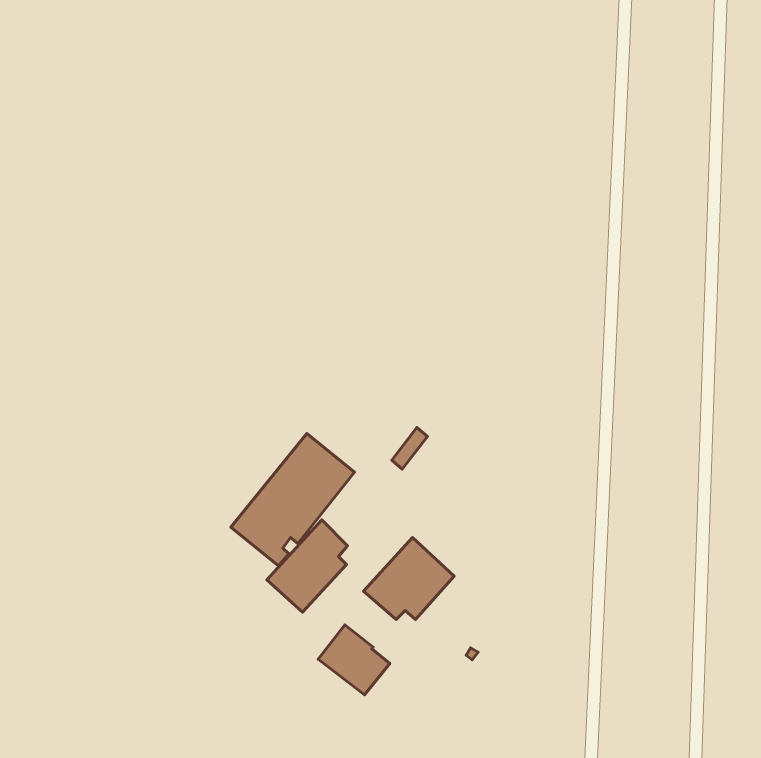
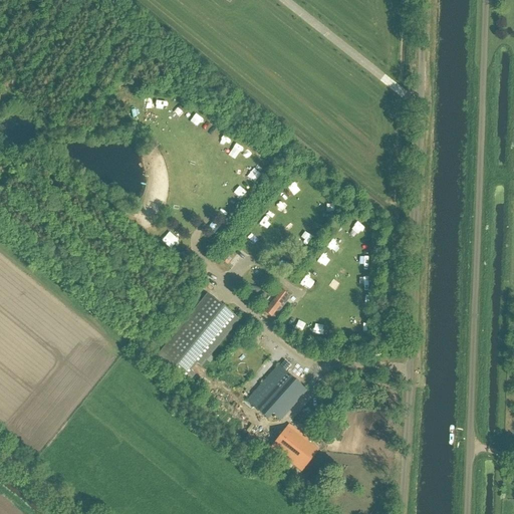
building: [267,520,348,612] -> none
building: [318,625,390,695] -> [271,423,319,470]

